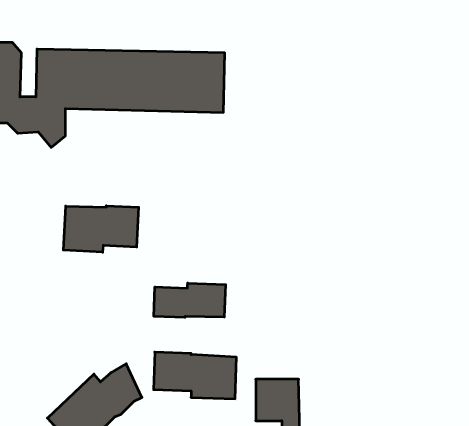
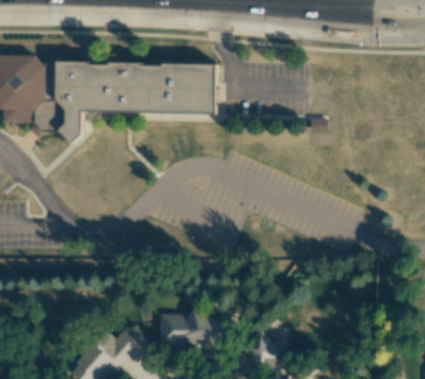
building: [63,206,139,252] -> none
building: [154,283,226,317] -> none

